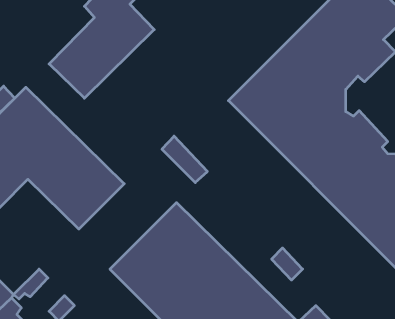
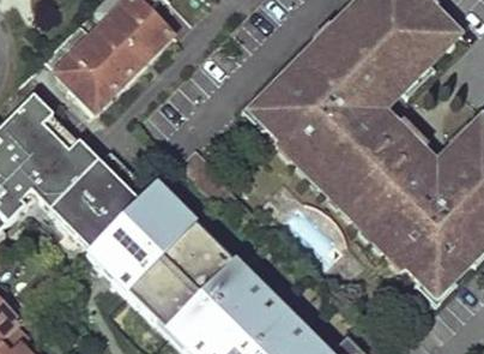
building: none -> [87,185,198,295]

